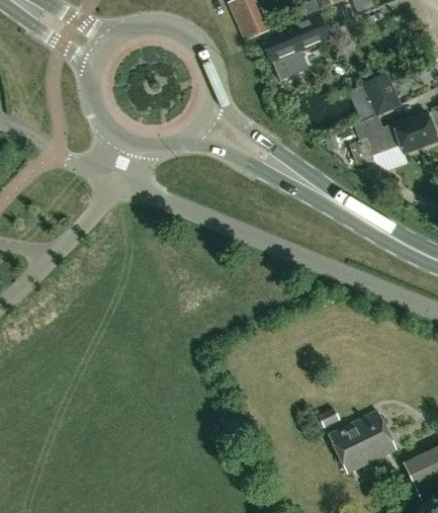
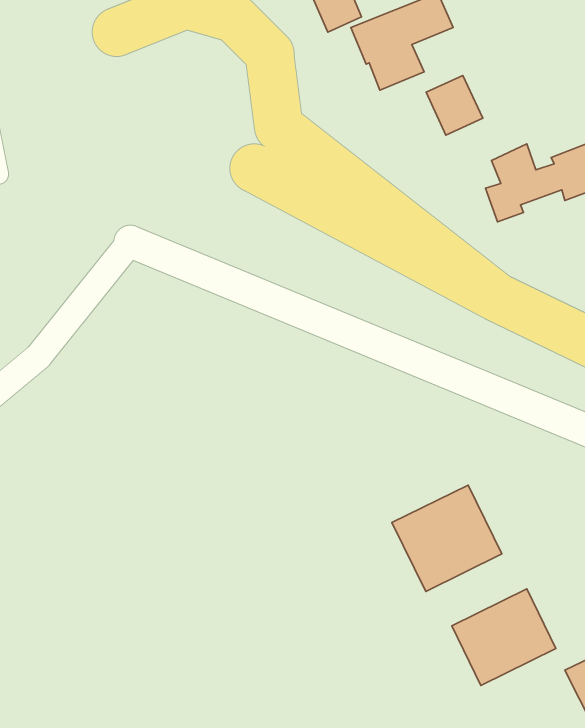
building: [362,75,400,114] -> [426,75,483,135]
building: none -> [392,485,502,591]

